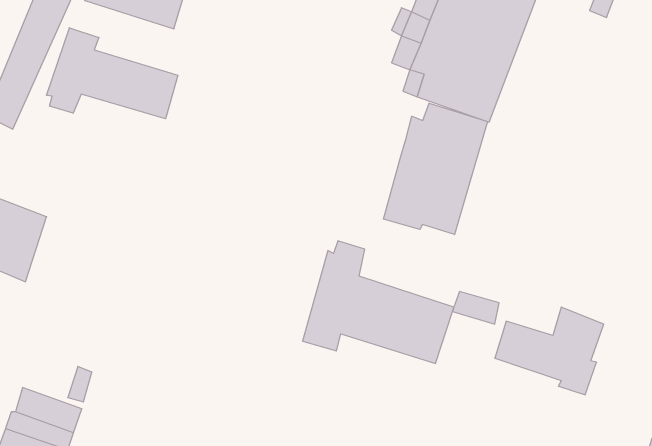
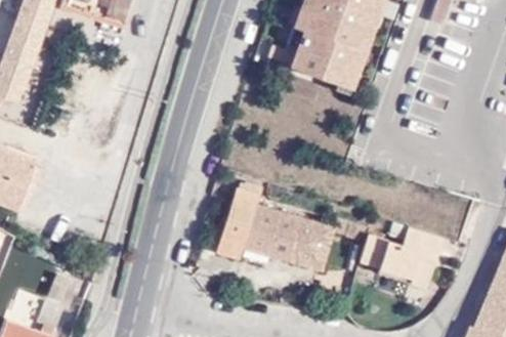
building: [47,28,178,119] -> none
building: [384,103,488,235] -> none

